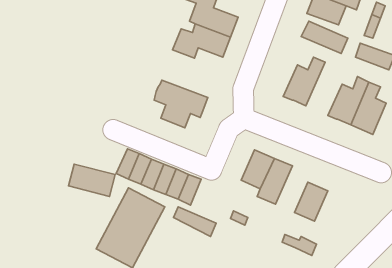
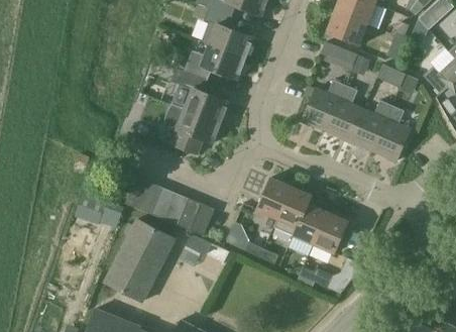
building: none -> [170,69,229,122]
building: none -> [325,85,363,141]
building: none -> [293,195,327,244]

